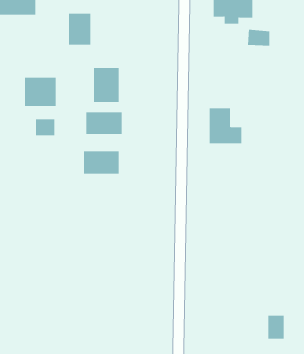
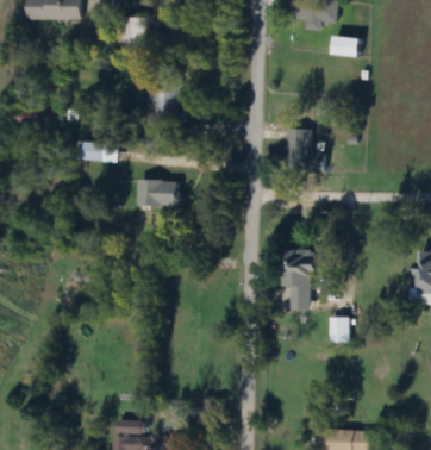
building: [25,77,56,107] -> none
building: [86,111,122,135] -> none
building: none -> [282,248,313,310]
building: [267,315,284,339] -> [330,317,350,345]

